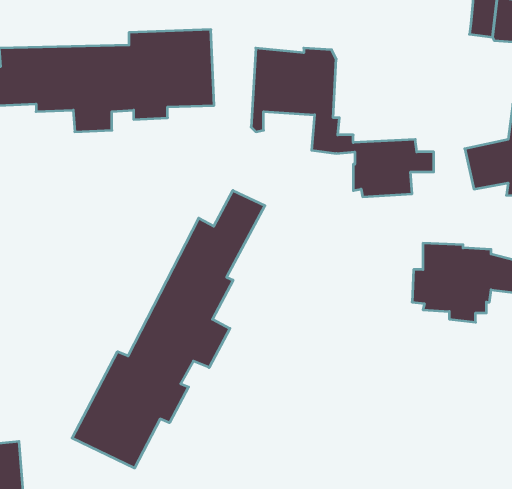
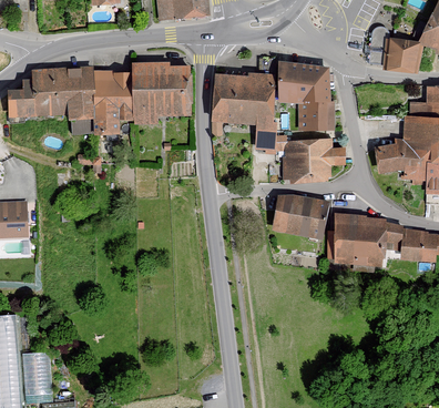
building: none -> [282,62,334,128]
building: [72,190,265,468] -> none
building: none -> [275,196,329,236]

